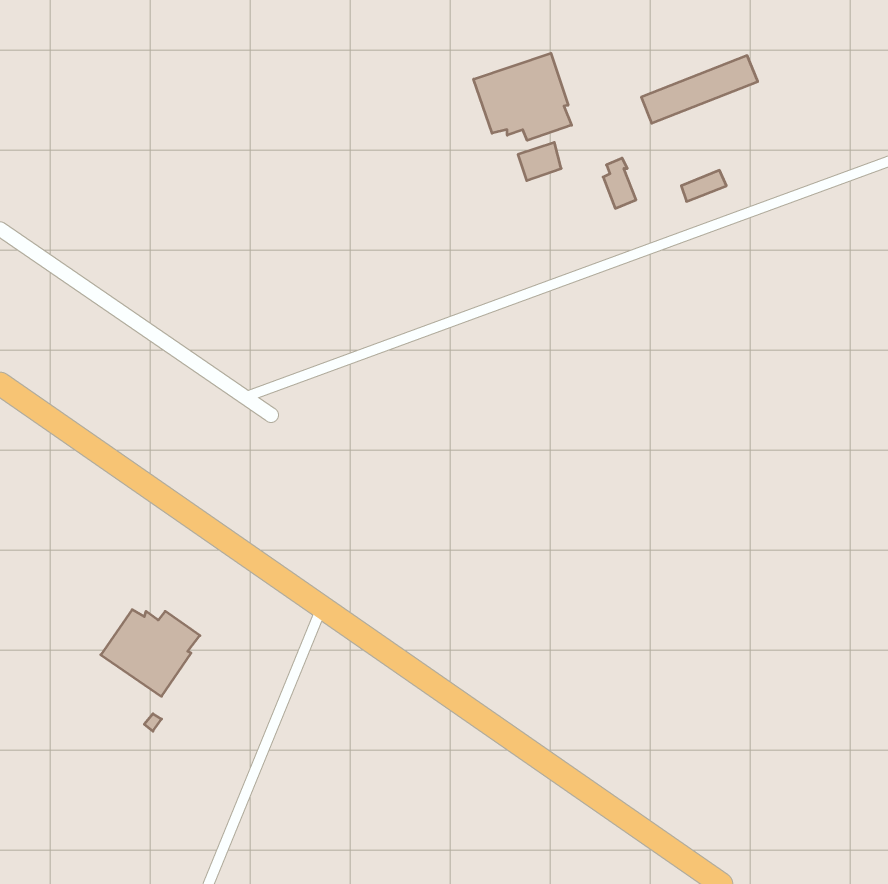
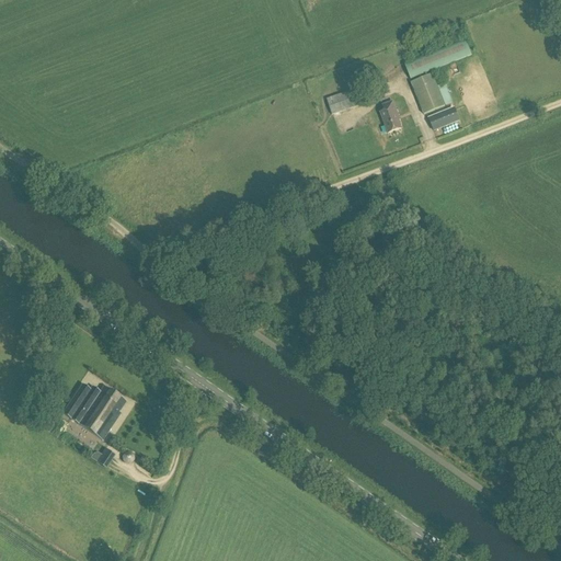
building: [474,53,572,140] -> none
building: none -> [411,72,445,113]

